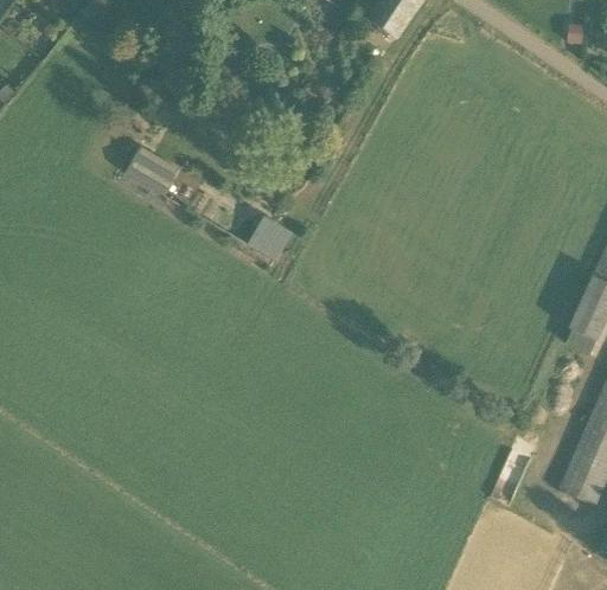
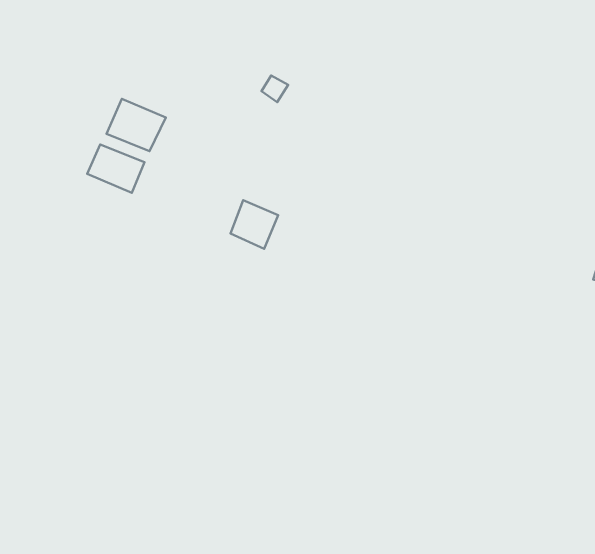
building: none -> [106,99,166,151]

